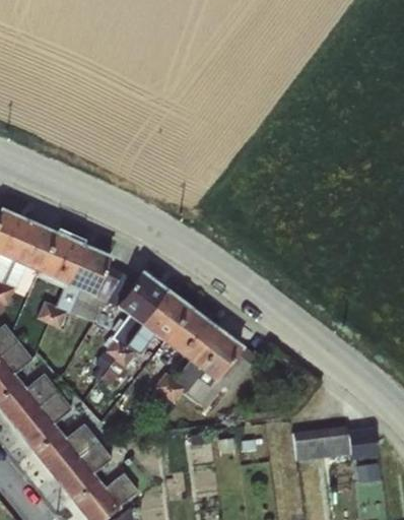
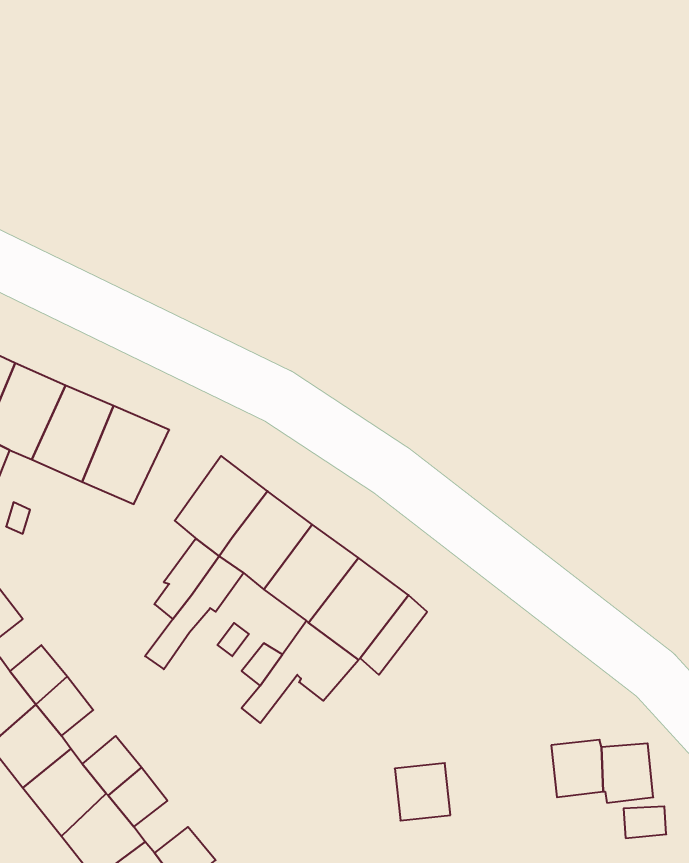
building: [49,262,122,329] -> none
building: [295,429,326,460] -> [395,763,450,821]

